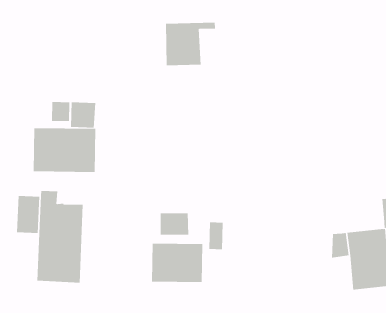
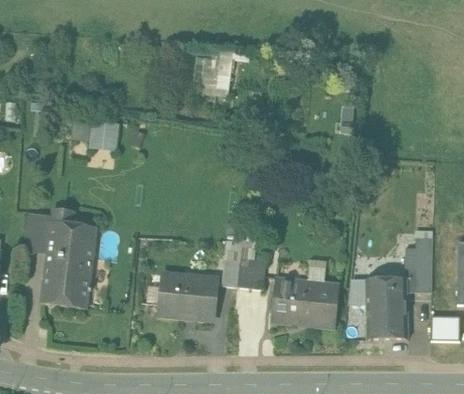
building: [33,127,96,173] -> none
building: [160,212,189,235] -> none
building: none -> [237,258,266,288]
building: none -> [273,276,338,329]

